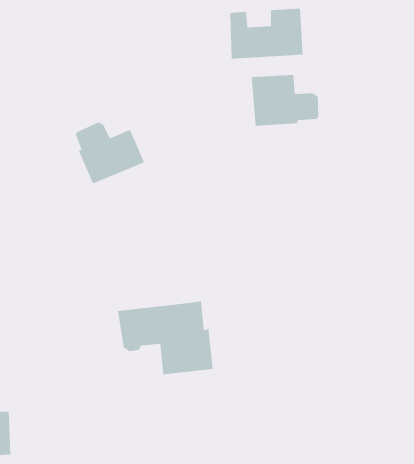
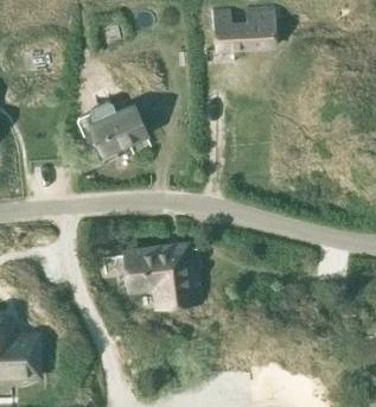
building: [251,74,319,126] -> none

